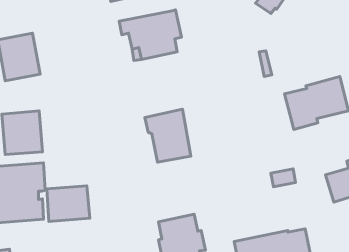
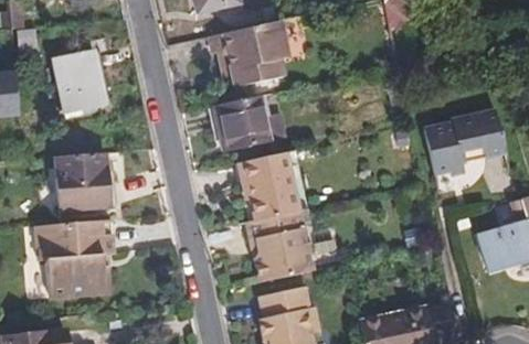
building: none -> [212,96,275,150]
building: none -> [255,208,320,279]
building: [47,186,90,221] -> none

